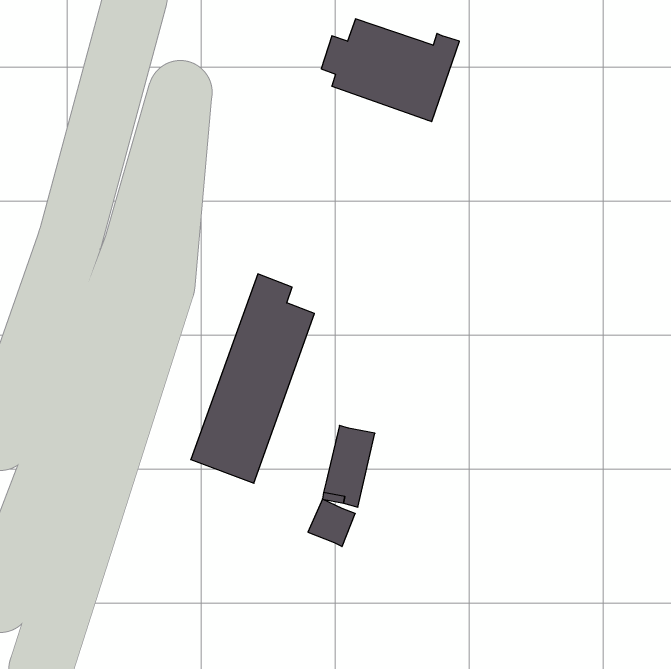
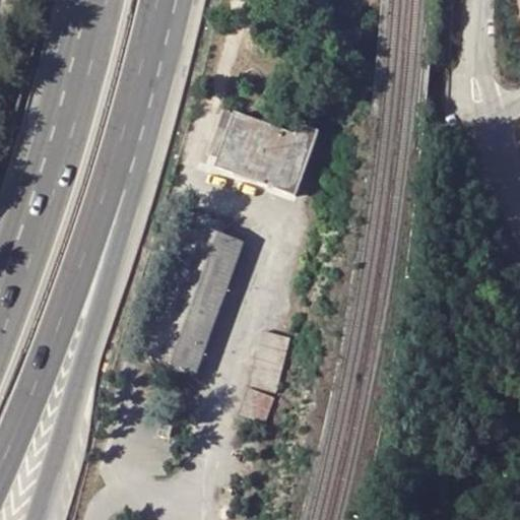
building: [321,19,459,122] -> [210,116,317,195]

